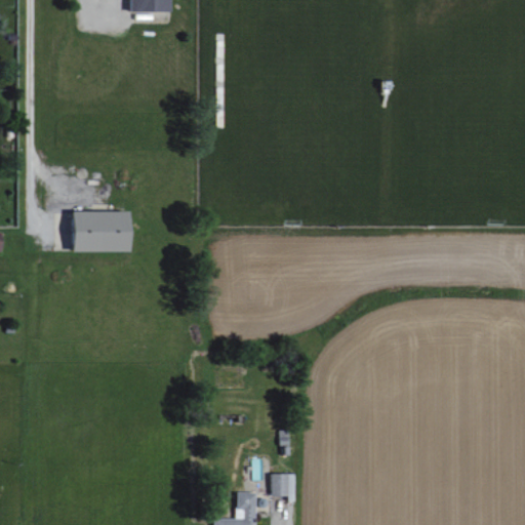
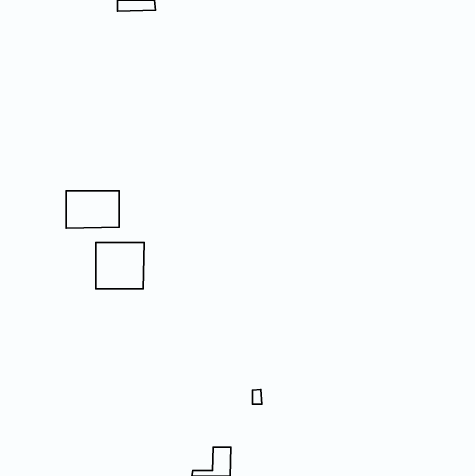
building: none -> [96,242,144,289]
building: [269,473,293,497] -> none

